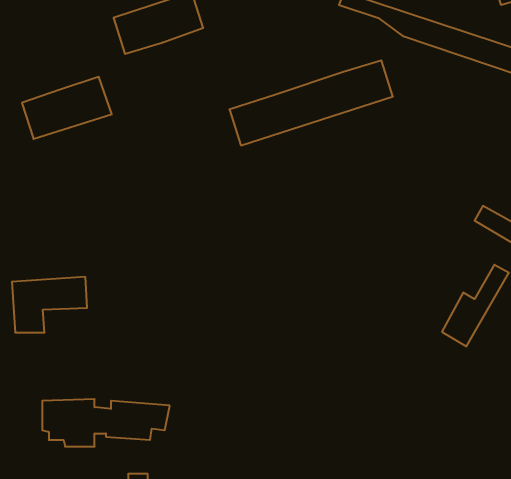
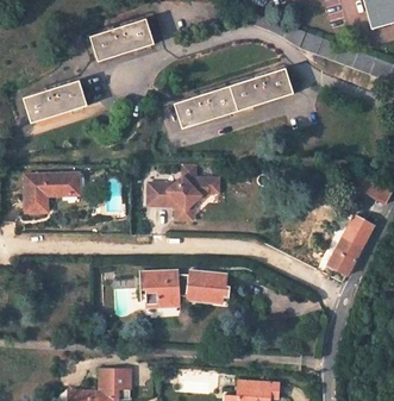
building: none -> [149,164,218,219]
building: [12,277,87,332] -> [26,174,81,214]
building: [42,399,170,447] -> [142,271,234,306]

